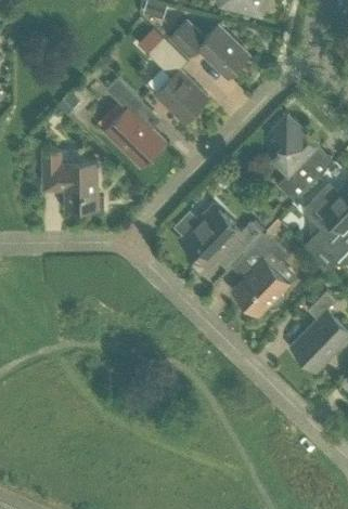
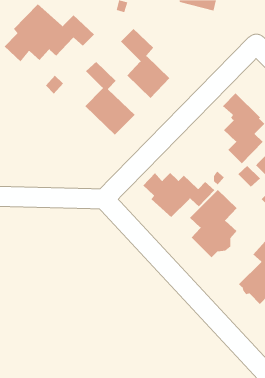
building: none -> [4,4,95,62]
building: [169,22,249,78] -> none
building: [43,152,104,213] -> none

